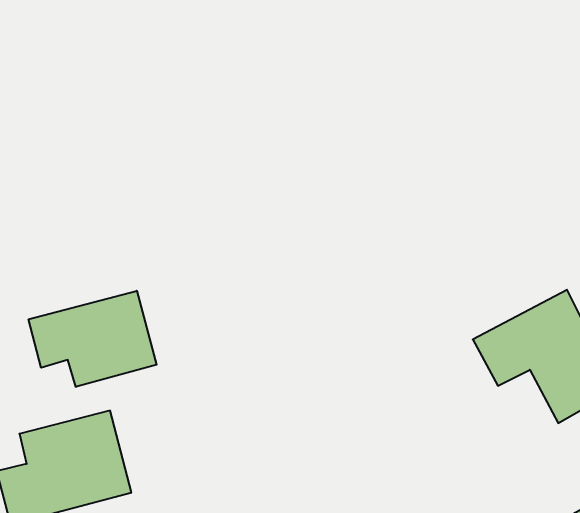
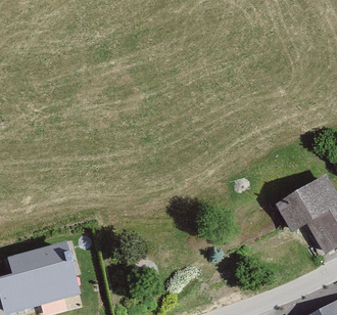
building: [29,291,157,387] -> none

